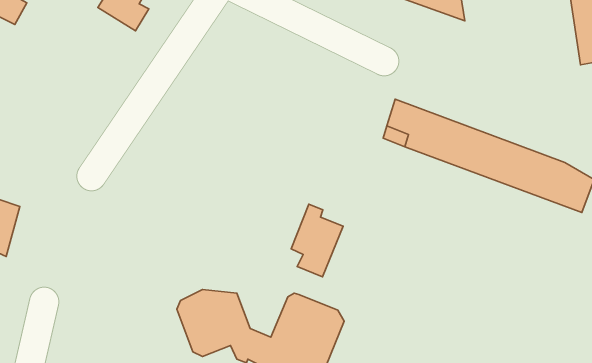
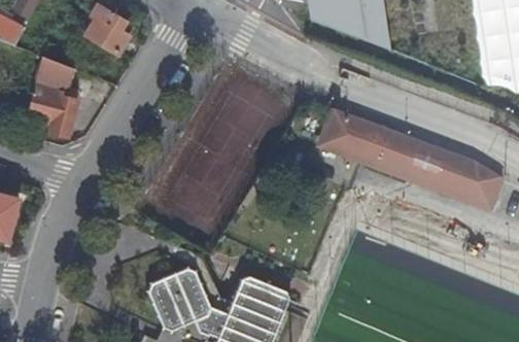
building: none -> [25,59,76,138]
building: [291,204,343,277] -> none

